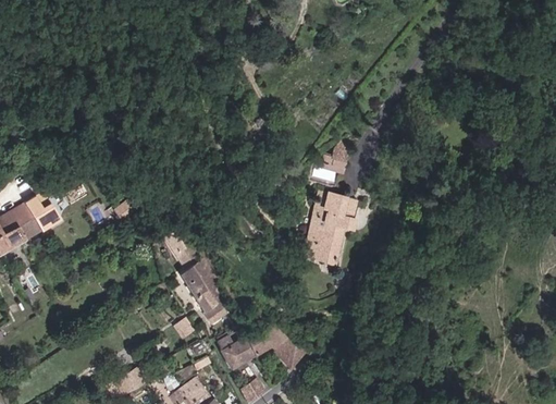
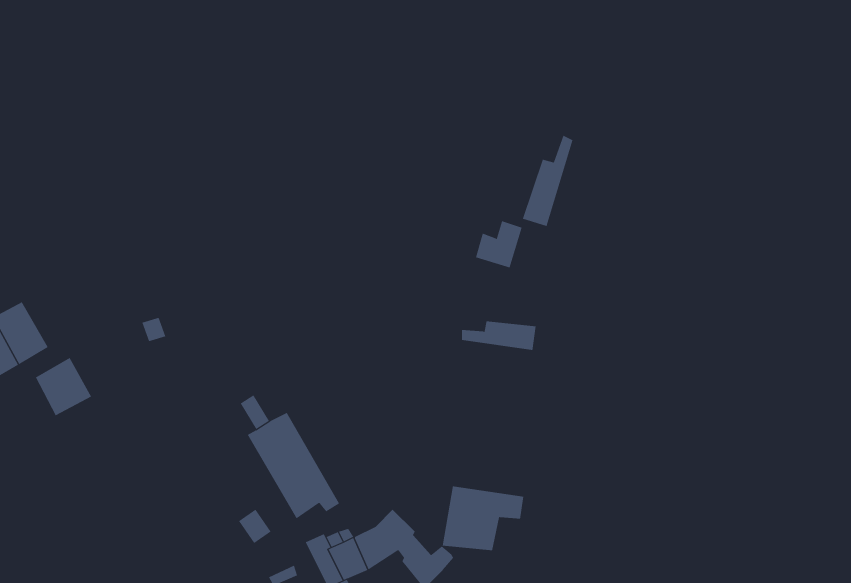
building: none -> [522,135,573,227]
building: [306,216,357,256] -> [442,486,524,551]
building: none -> [35,357,92,416]

